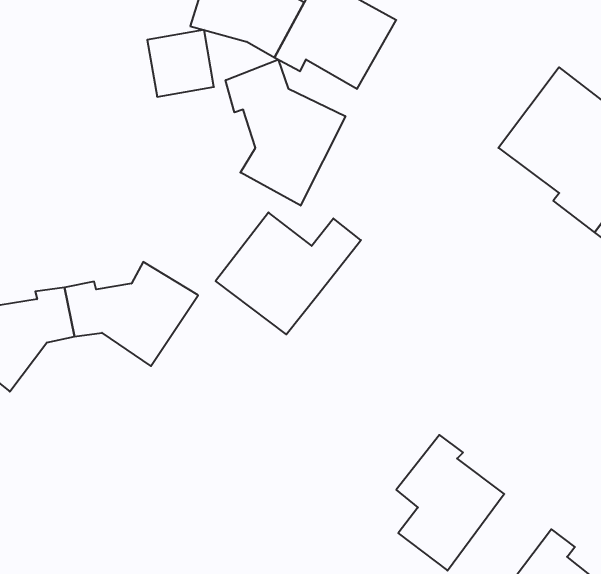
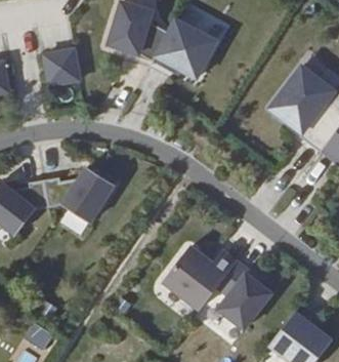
building: [147,30,214,97] -> [44,51,79,86]
building: [226,59,345,206] -> none
building: [216,212,361,334] -> [164,244,240,308]

